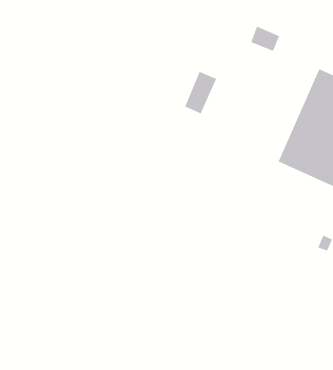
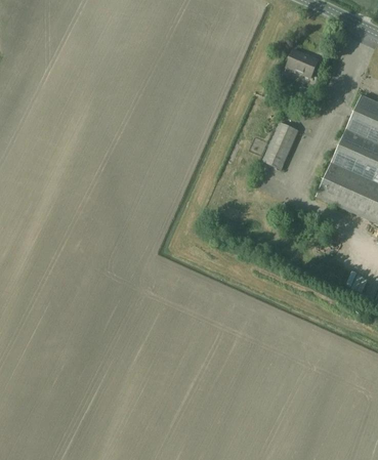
building: [184,71,217,114] -> [262,122,298,169]

